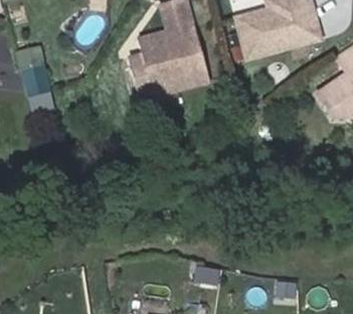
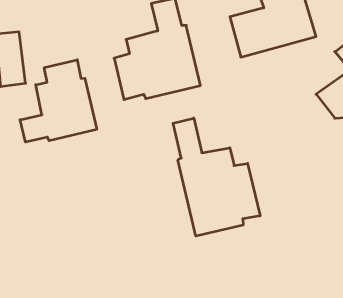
building: none -> [20,60,97,142]
building: none -> [173,118,260,236]

